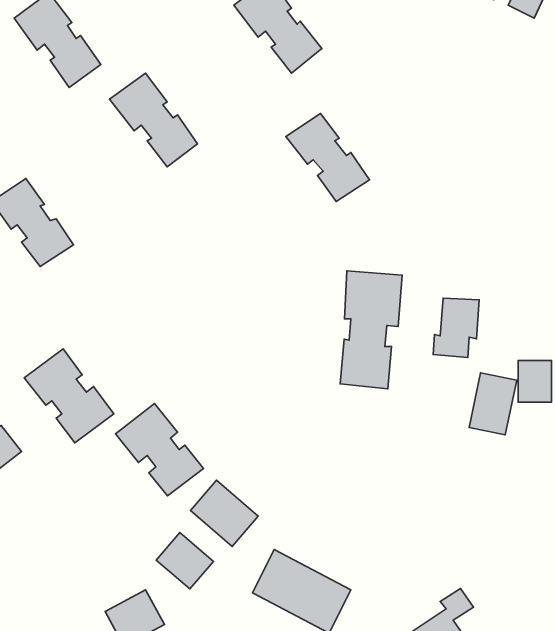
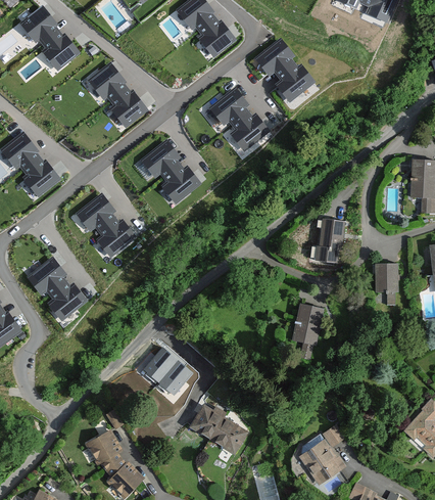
building: none -> [252,39,310,101]
building: none -> [138,137,200,201]
building: [340,271,402,389] -> none
building: [469,373,517,435] -> [291,303,325,347]
building: [116,403,204,496] -> [72,190,135,256]
building: [156,533,213,589] -> none

